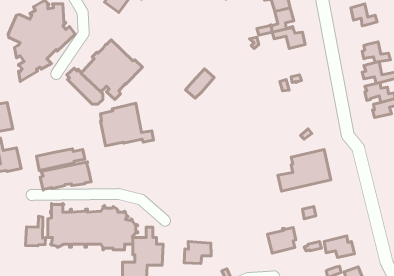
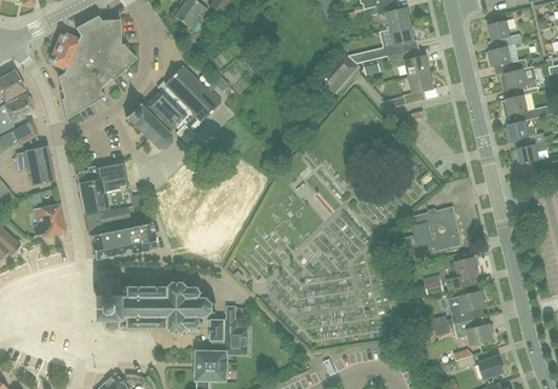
building: none -> [488,46,528,71]
building: none -> [404,71,433,104]
building: [186,69,214,98] -> [320,56,356,93]
building: [101,103,154,146] -> [79,159,146,213]
building: none -> [447,257,478,290]
building: [26,216,46,246] -> none
building: [268,228,296,253] -> [448,291,484,324]
building: [184,242,211,264] -> none

